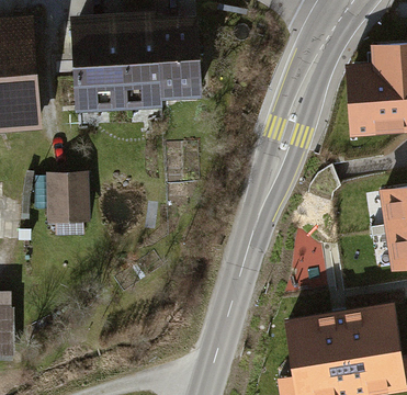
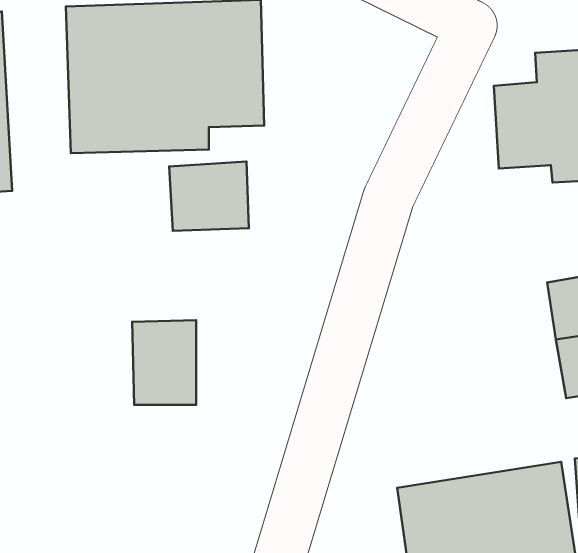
building: none -> [169,162,249,231]
building: [47,168,88,222] -> [132,320,196,405]

